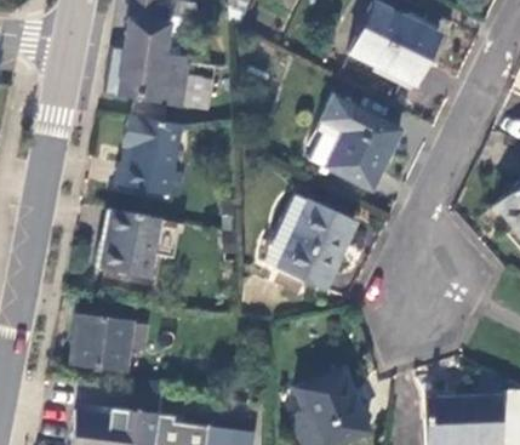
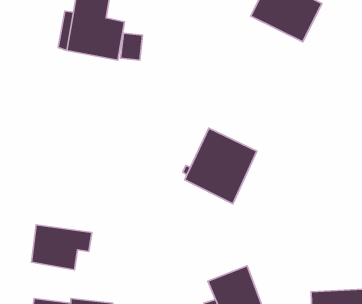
building: [309,97,400,190] -> none
building: [125,118,182,195] -> none
building: [101,209,159,279] -> none

